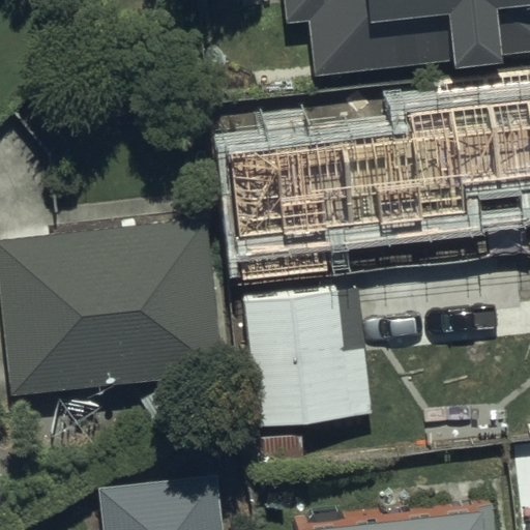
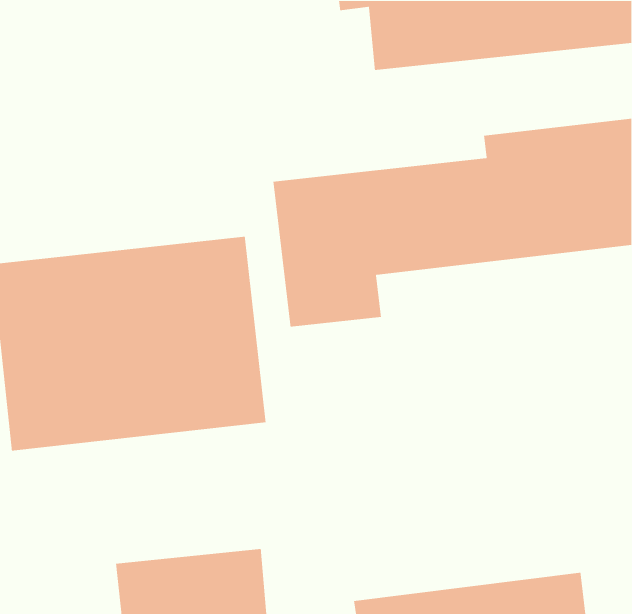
building: [240,287,372,437] -> none

